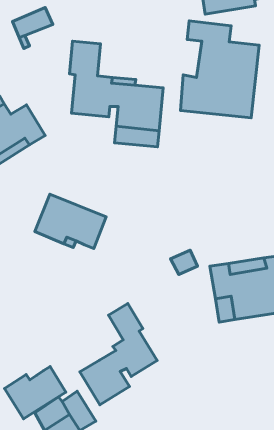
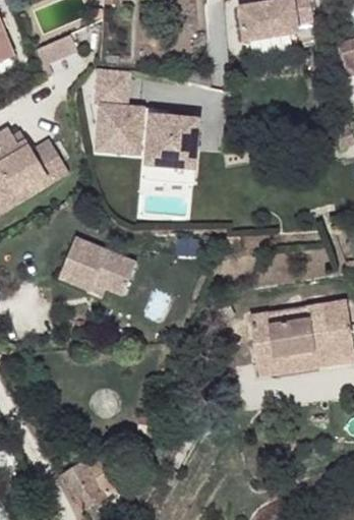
building: [180,21,259,118] -> none
building: [80,303,157,405] -> none
building: [5,367,66,419] -> none

